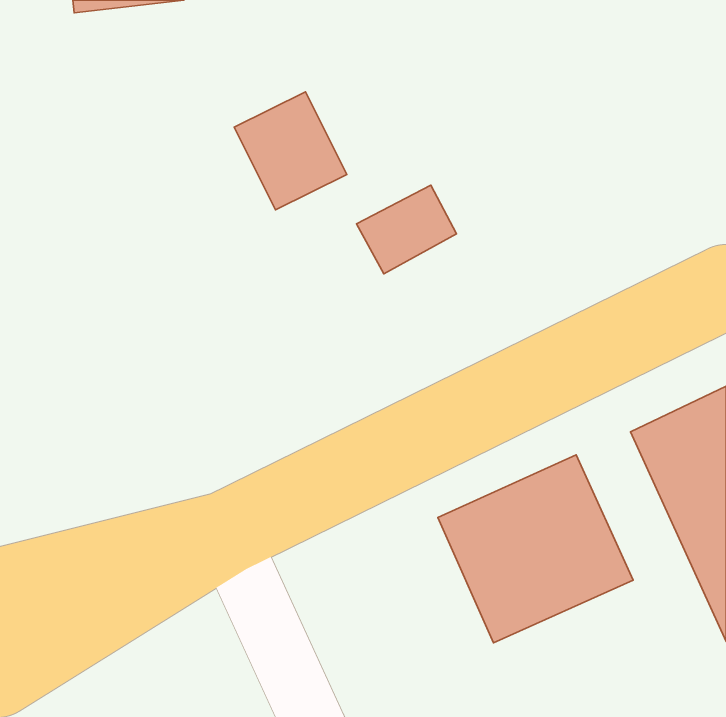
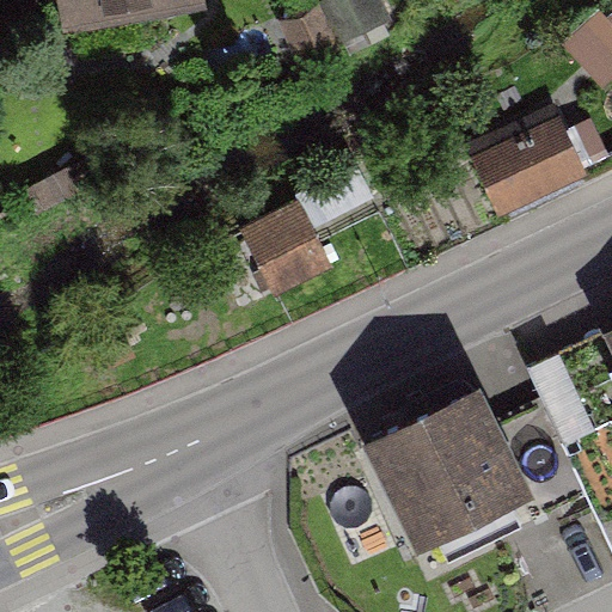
building: [234,92,347,210] -> [239,202,333,301]
building: none -> [466,114,586,219]

